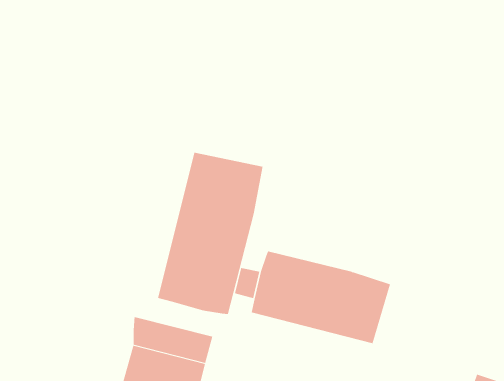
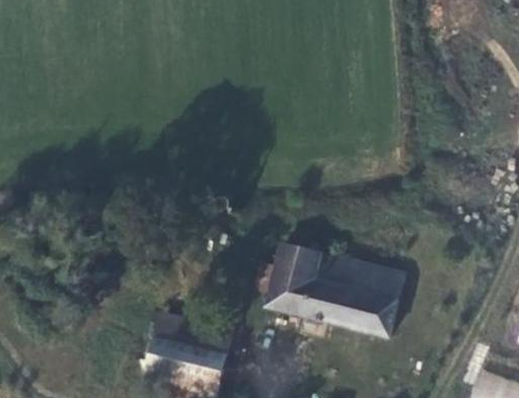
building: [157,152,263,315] -> none

